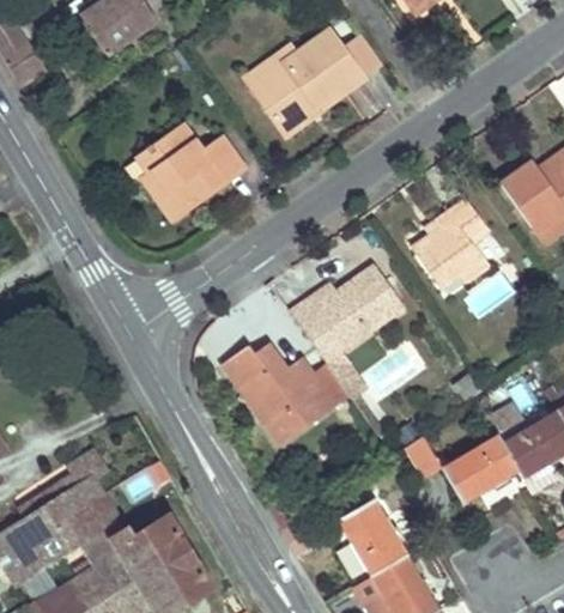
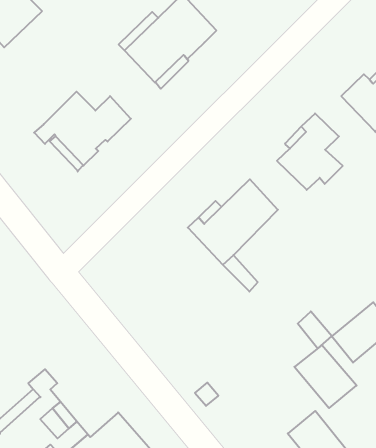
building: [220,344,335,442] -> none
building: [336,498,407,575] -> [294,345,357,408]

